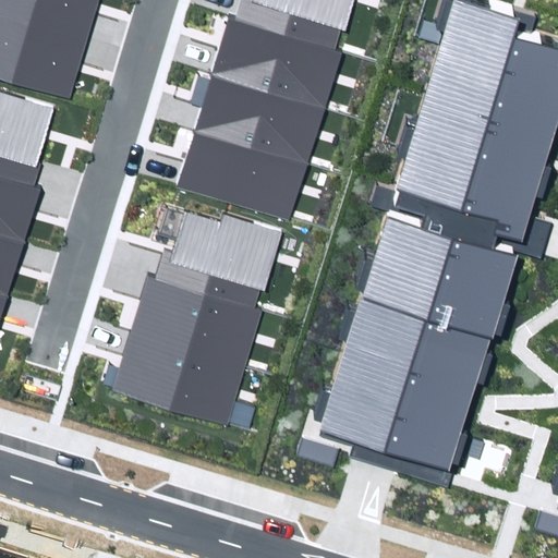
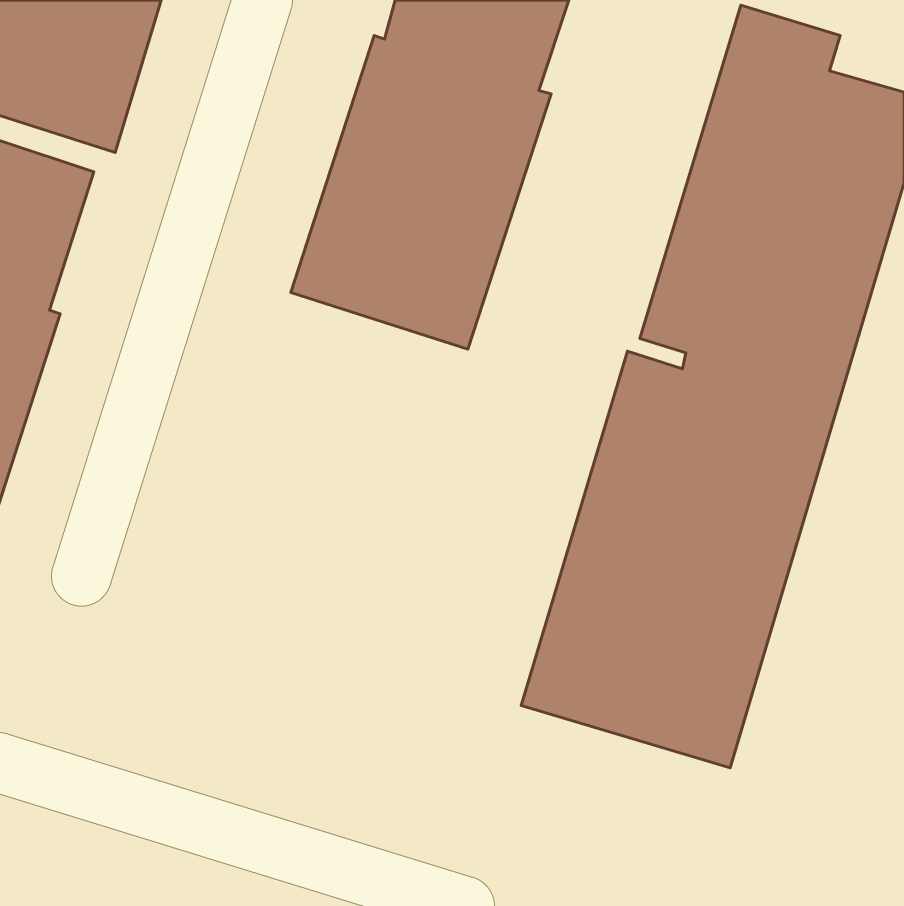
building: [113,209,276,425] -> none

